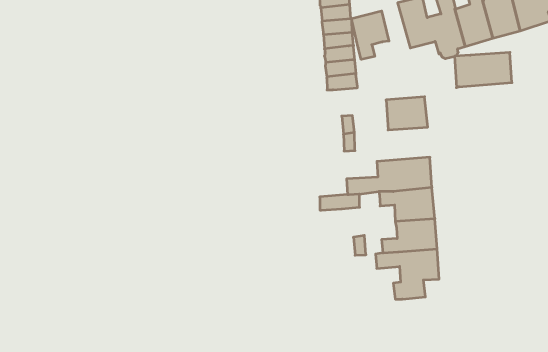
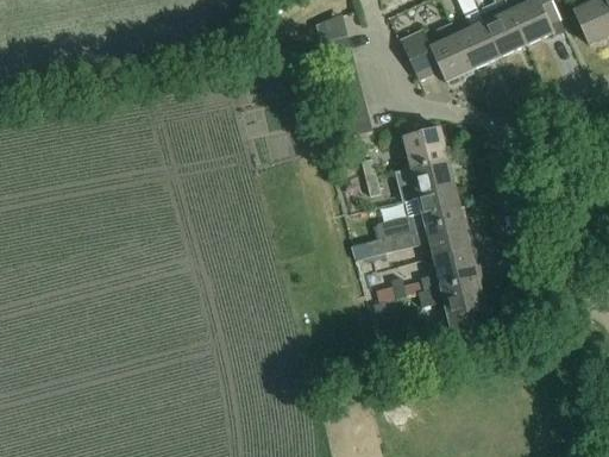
building: [351,11,389,59] -> none
building: [455,52,512,88] -> [395,157,457,201]

